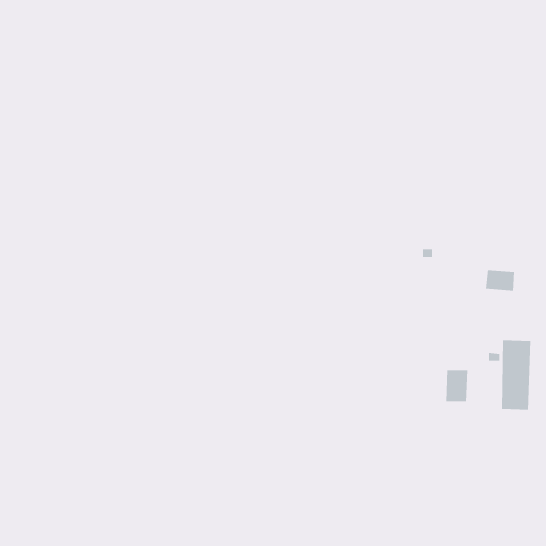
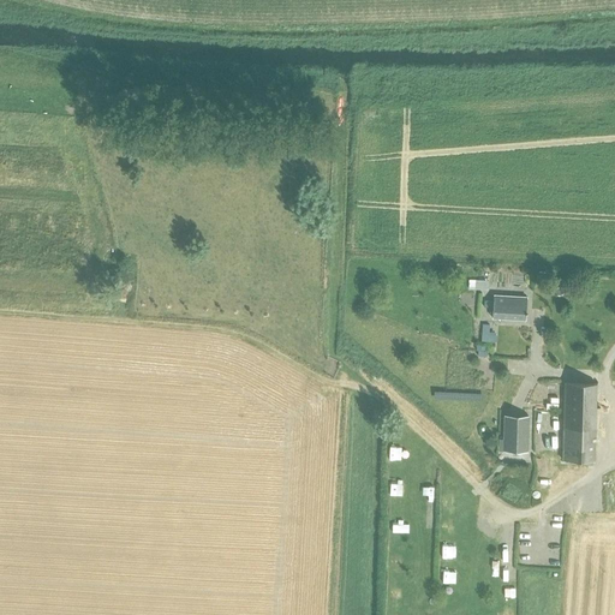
building: [485,270,515,291] -> [492,295,526,320]

